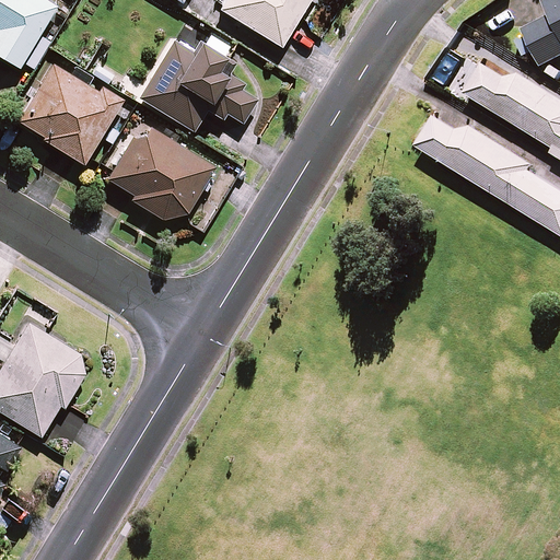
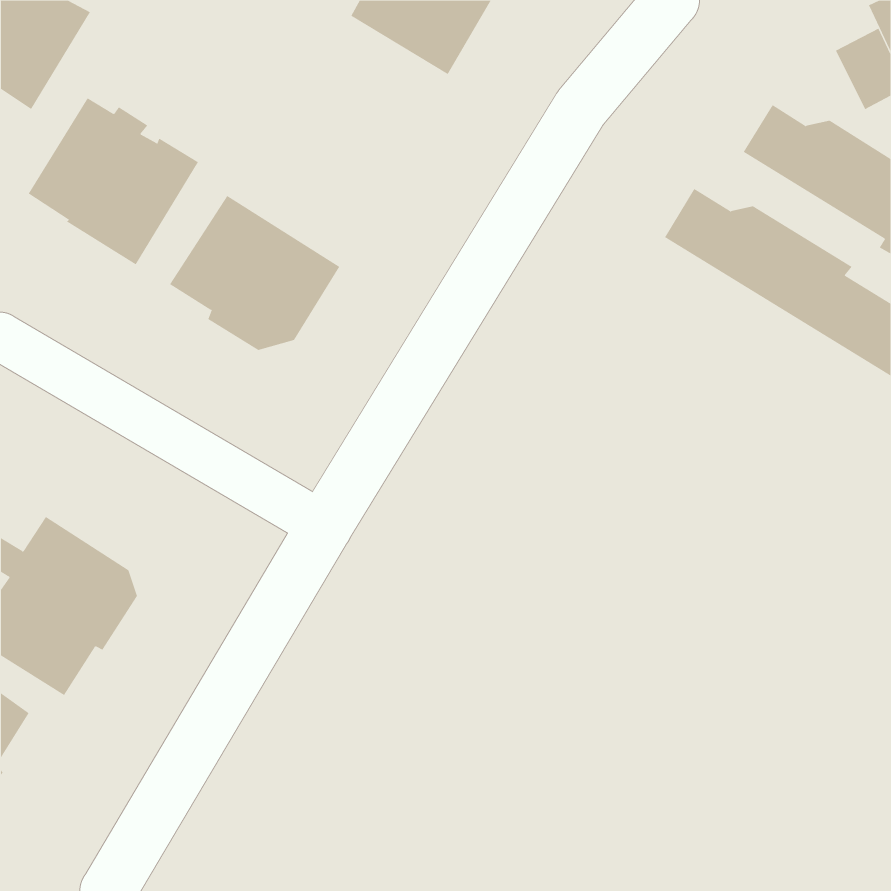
building: [139,33,256,130] -> none

